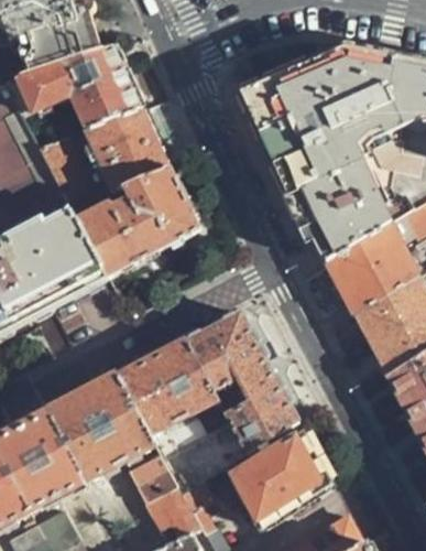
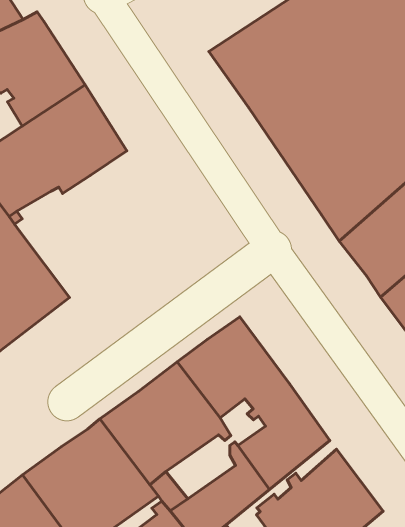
building: [74,165,197,276] -> none

